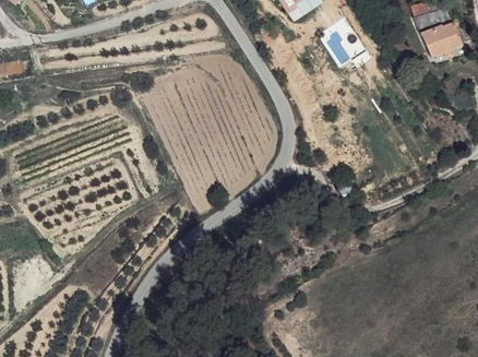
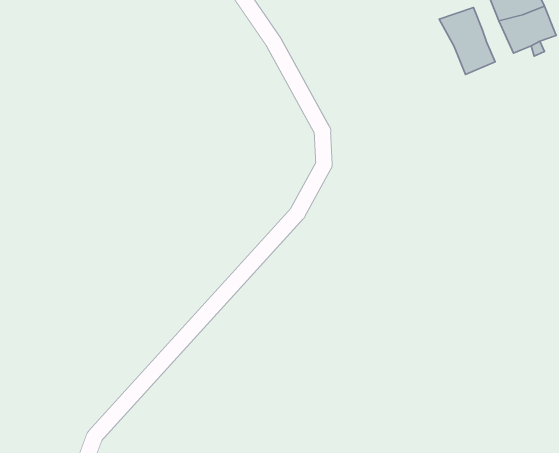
building: none -> [439,7,495,74]

